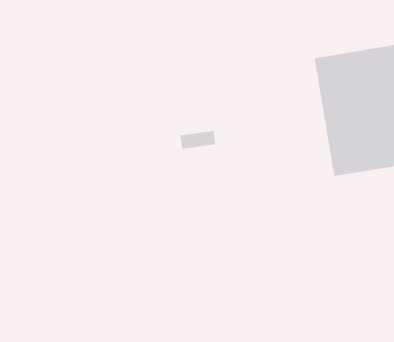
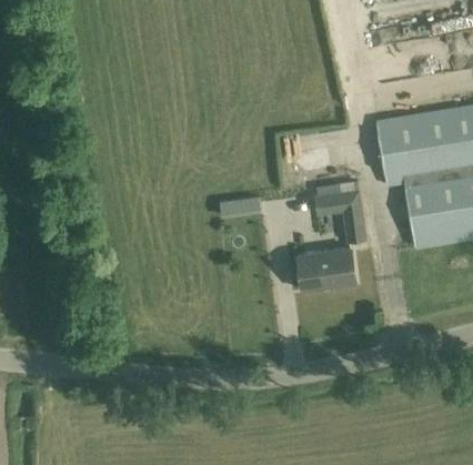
building: none -> [314,182,366,241]
building: none -> [298,247,356,292]

